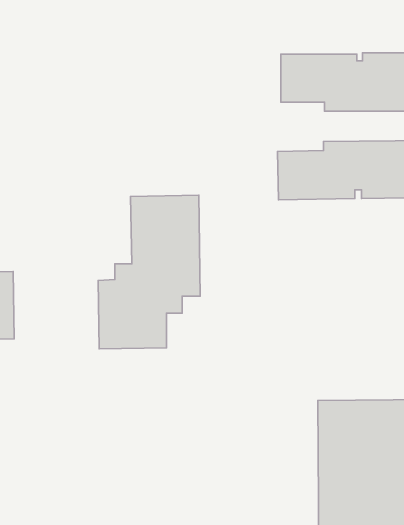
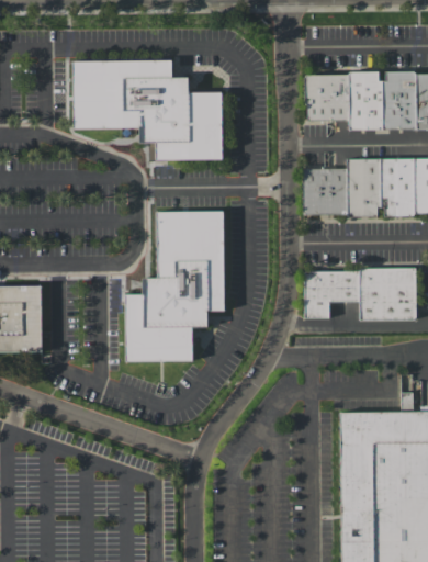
building: none -> [72,60,223,159]
building: none -> [303,268,415,319]

